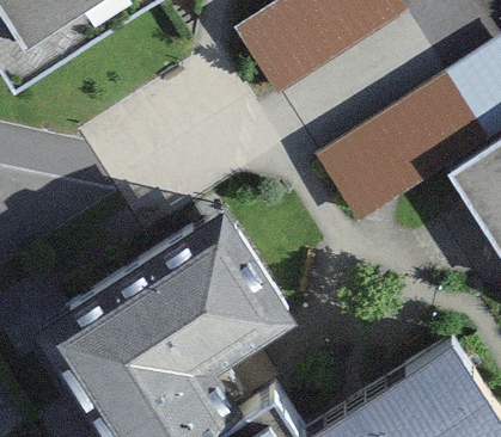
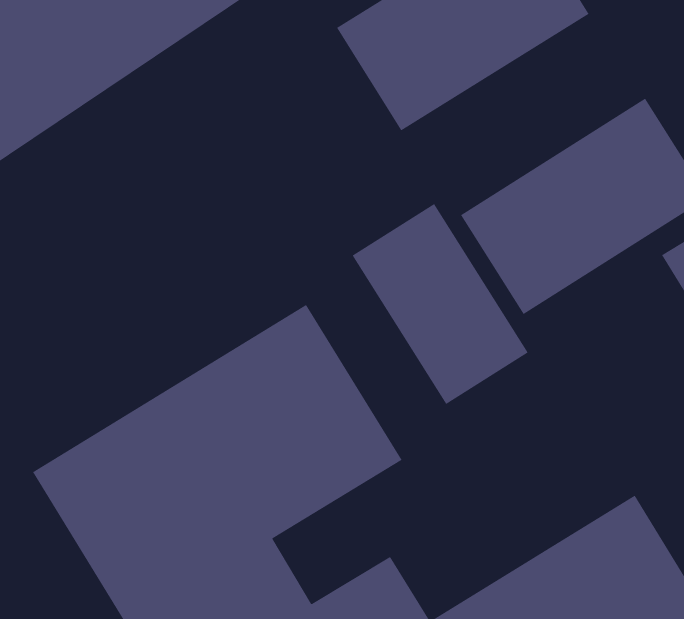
building: none -> [352,203,529,405]

